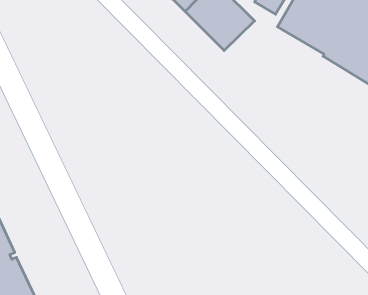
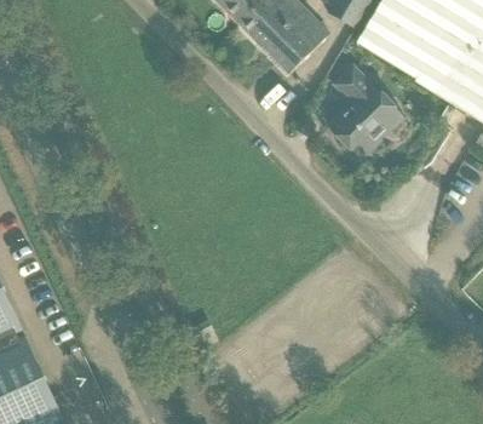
building: none -> [326,64,402,156]

